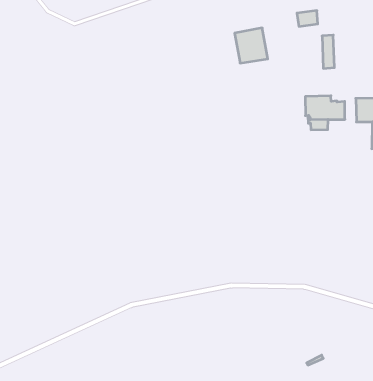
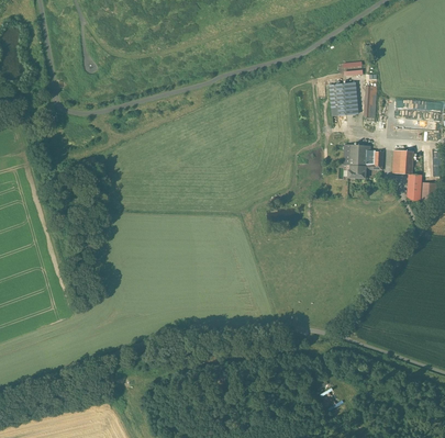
building: [235,28,268,63] -> [327,81,358,114]

